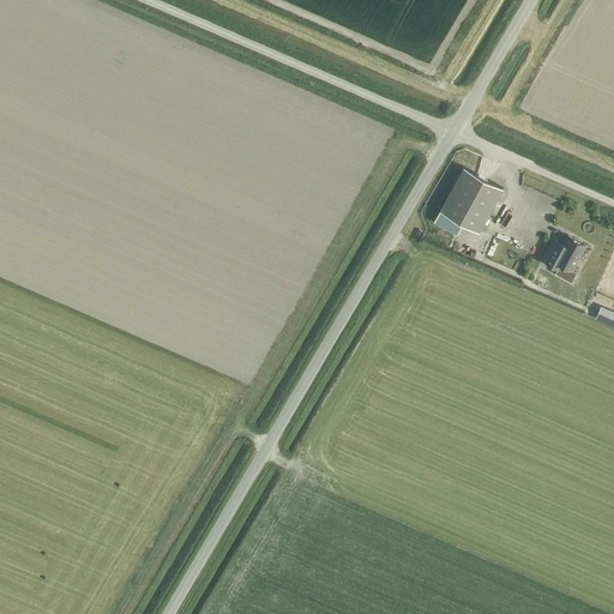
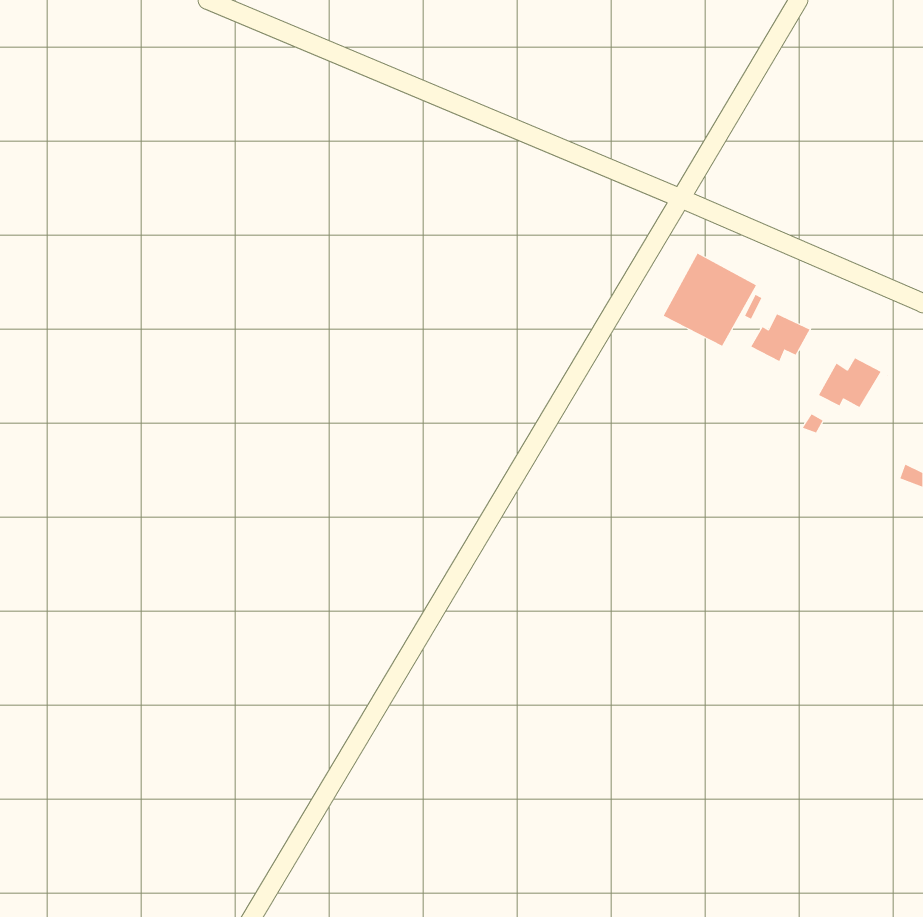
building: none -> [751,314,814,362]

